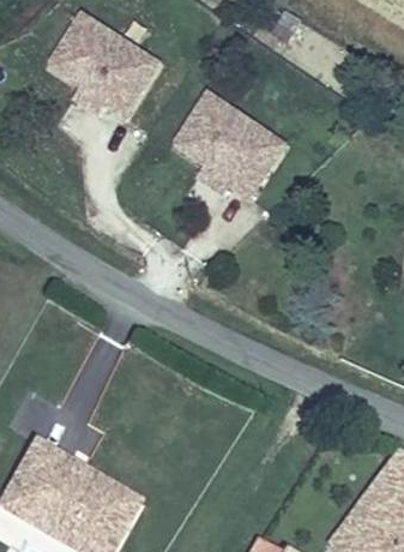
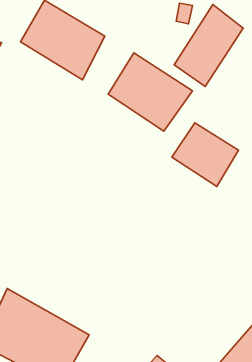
building: none -> [174,4,243,86]
building: none -> [172,123,238,187]

